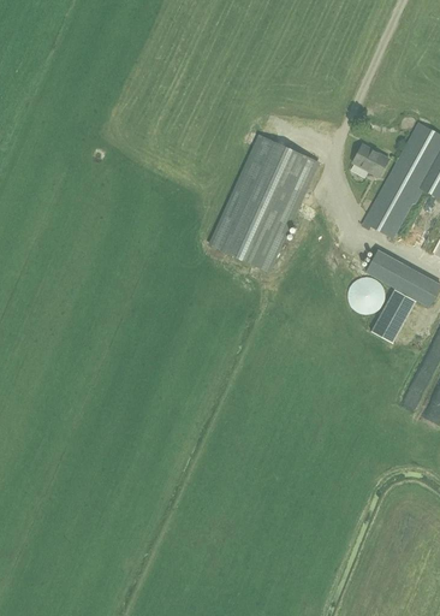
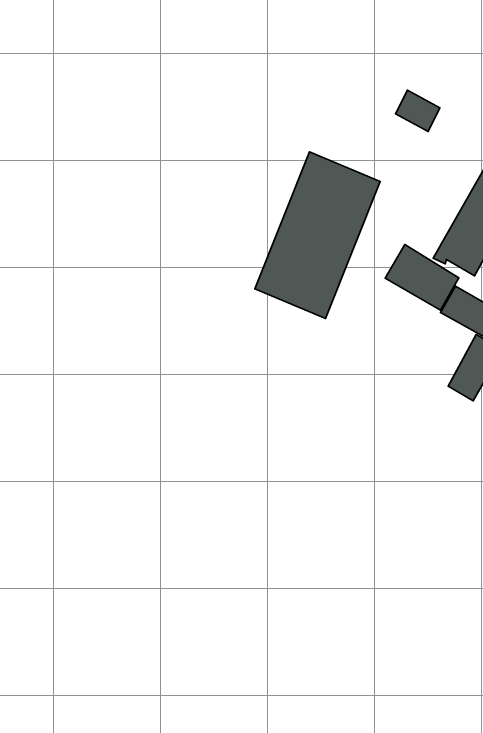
building: [352,142,388,176] -> [396,90,440,131]
building: none -> [385,245,459,310]

